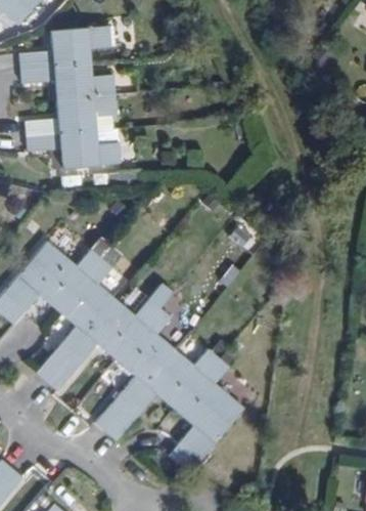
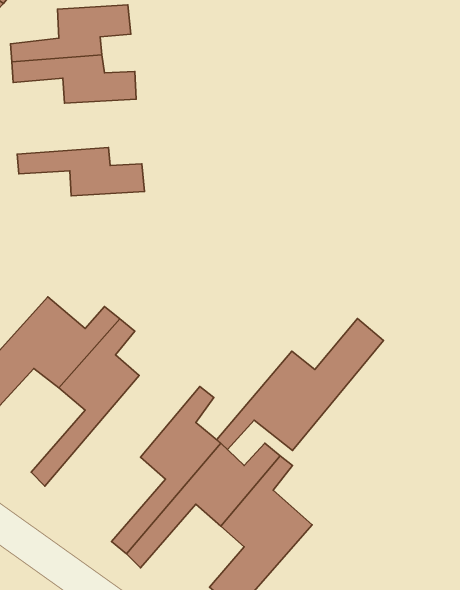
building: [25,95,115,136] -> none
building: none -> [217,318,384,450]
building: [46,288,170,391] -> none

